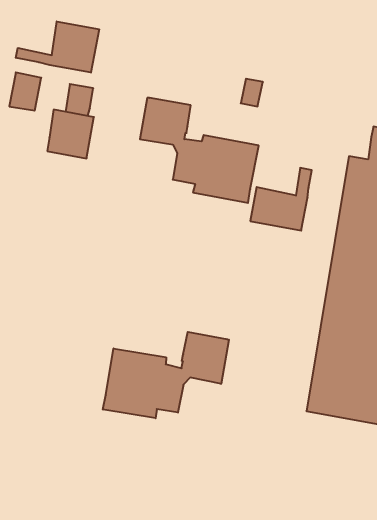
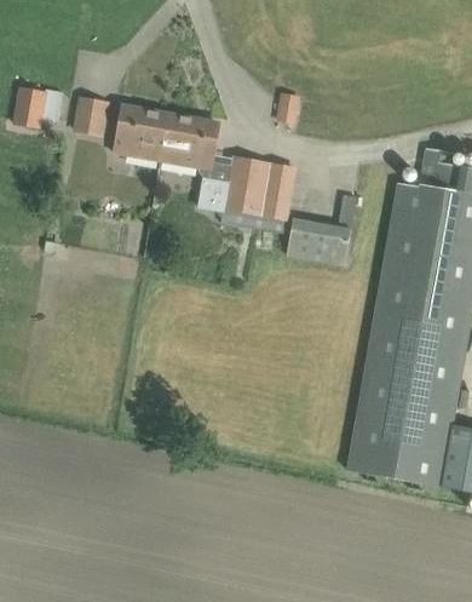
building: [16,21,99,73] -> none
building: [47,110,94,158] -> [115,104,168,160]
building: [103,332,229,418] -> none

